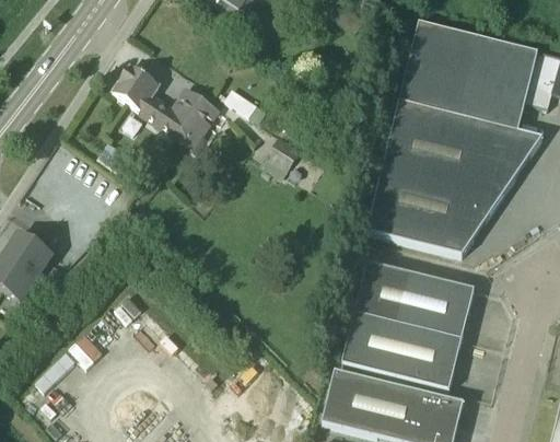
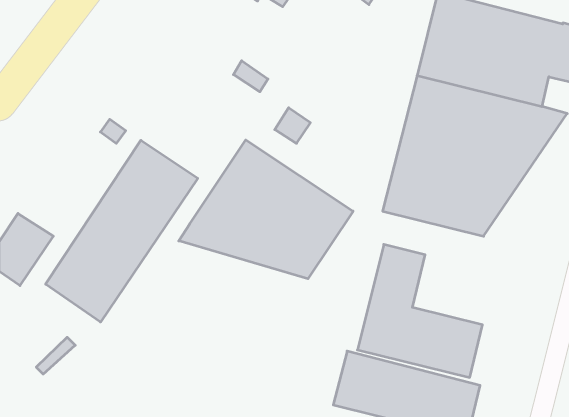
building: [113,63,220,150] -> none
building: none -> [179,140,353,279]
building: none -> [46,140,198,322]
building: [396,270,475,337] -> none

